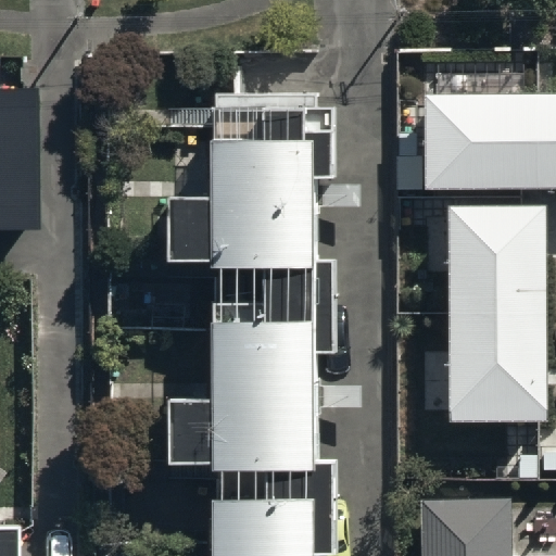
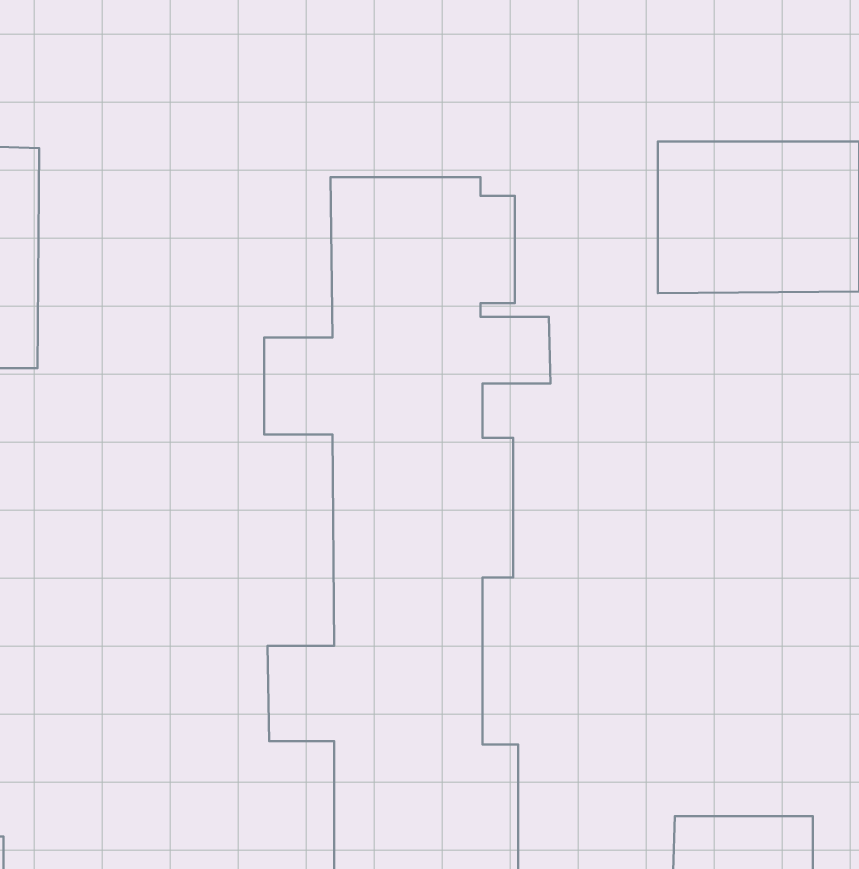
building: [445,203,543,420] -> none

